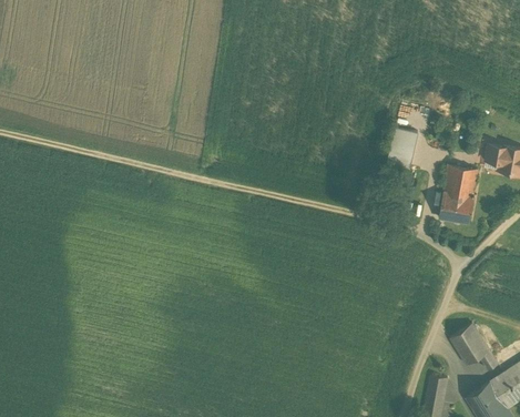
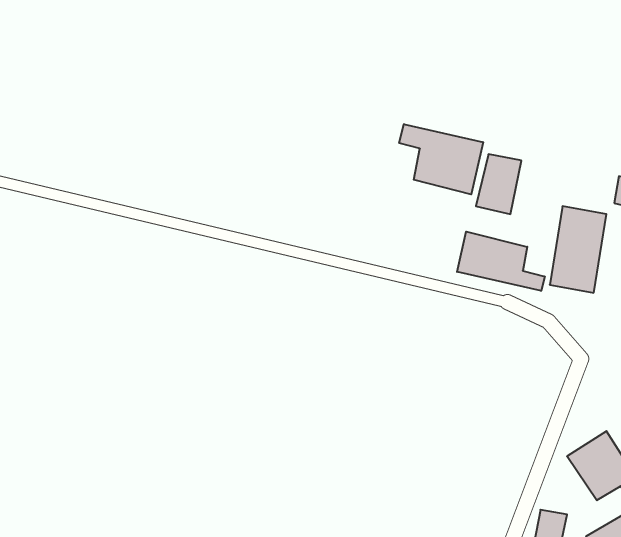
building: none -> [399,124,483,194]
building: none -> [457,232,545,291]

